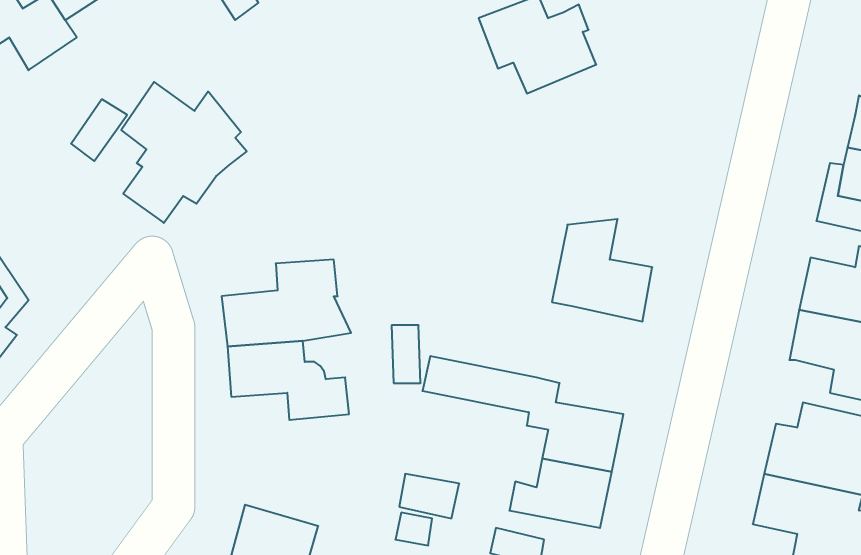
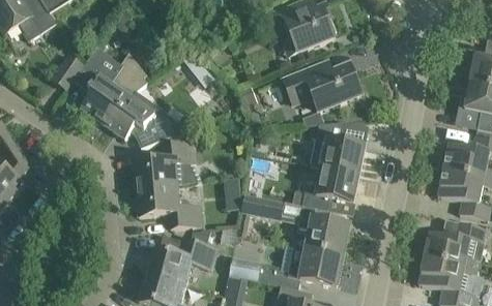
building: none -> [283,64,360,111]
building: none -> [103,91,179,148]
building: none -> [302,166,359,210]
building: none -> [146,240,218,284]

